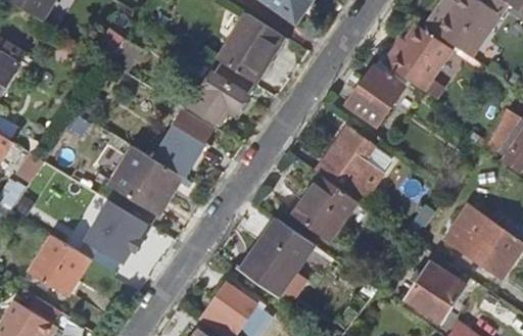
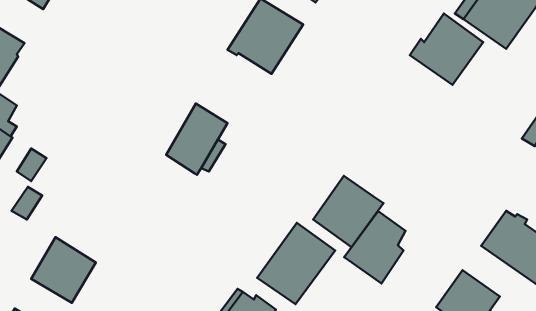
building: [187,62,253,126] -> none
building: [348,70,406,129] -> none
building: [314,129,371,196] -> [344,211,406,283]
building: [111,147,182,213] -> none
building: [86,199,151,262] -> none

